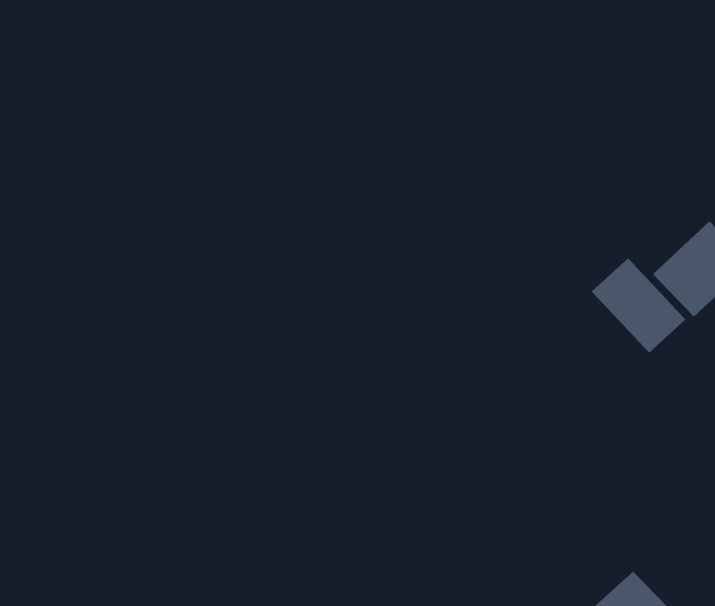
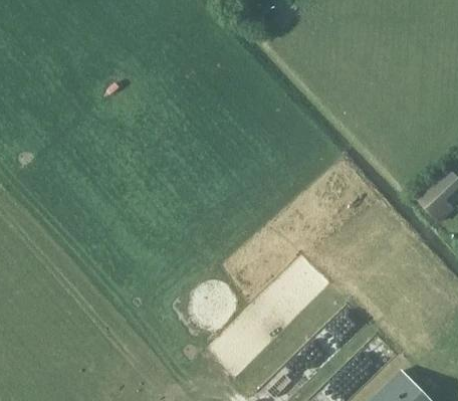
building: [591,258,686,353] -> none

